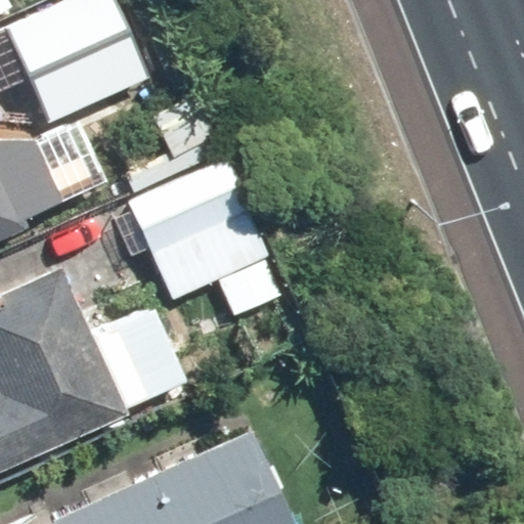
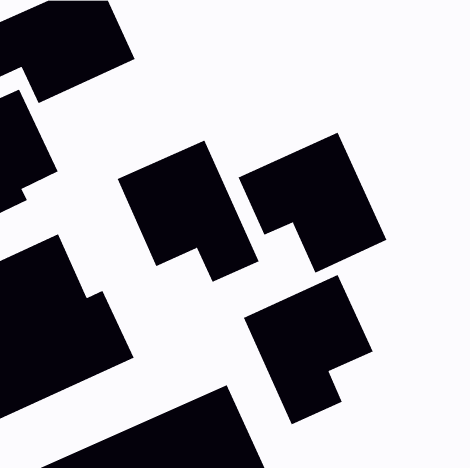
building: none -> [238,132,387,274]
building: none -> [243,274,373,425]

